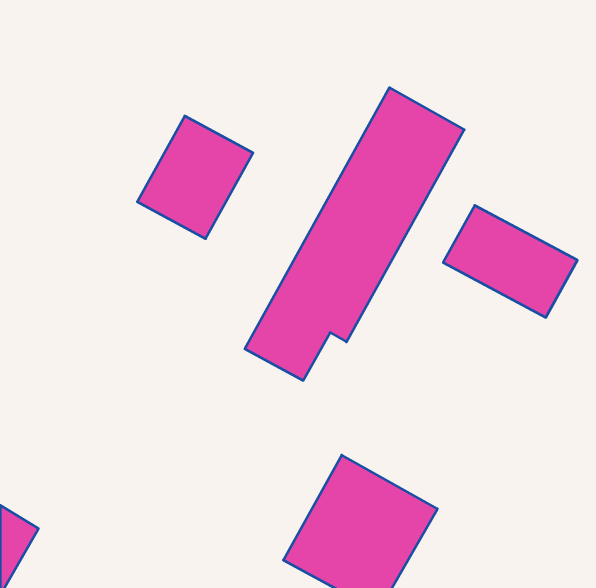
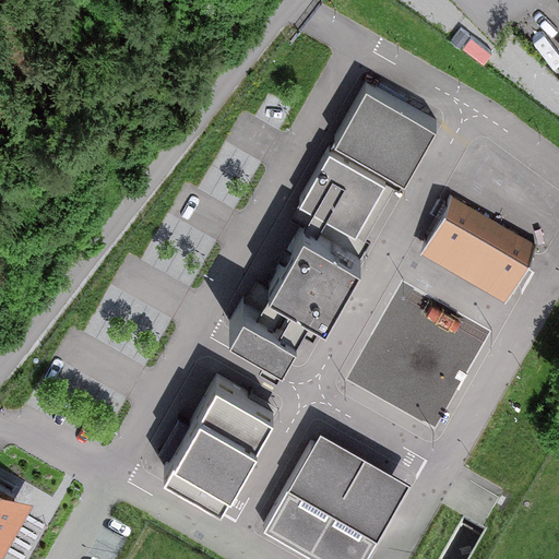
building: [137,116,253,239] -> none
building: none -> [166,382,274,506]

